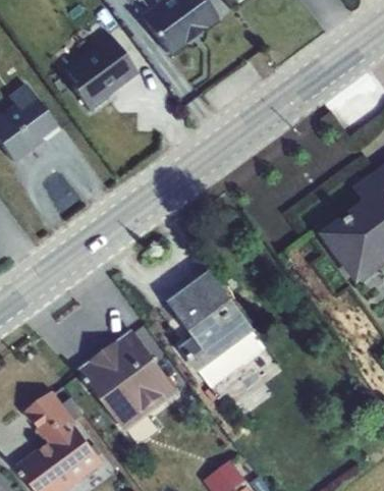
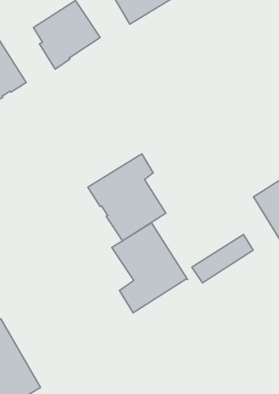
building: none -> [88,154,166,241]
building: [77,329,177,431] -> none
building: [199,330,265,387] -> [192,235,253,283]

